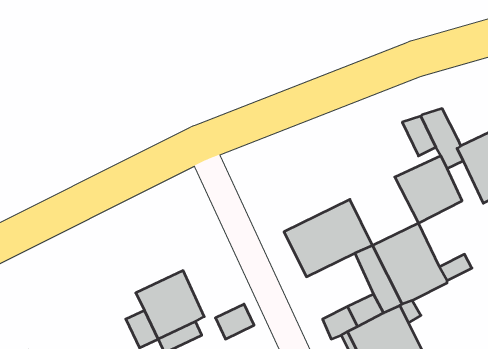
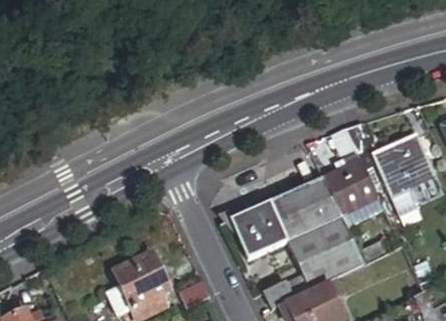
building: none -> [287,177,342,232]

